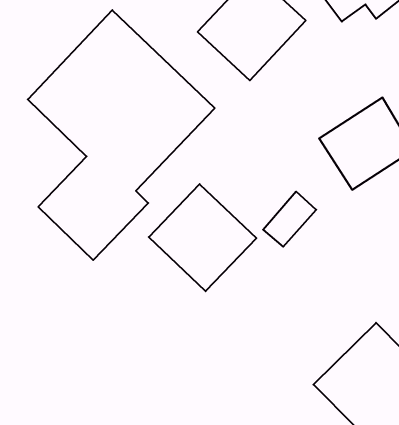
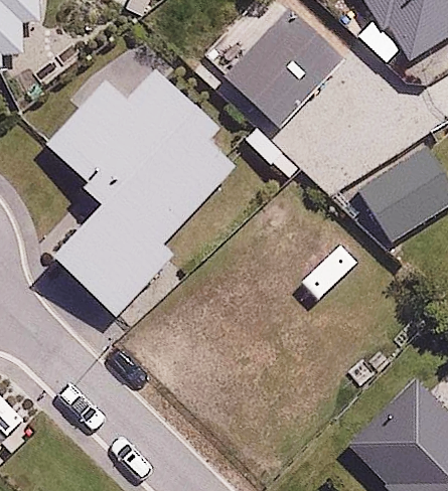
building: [149,184,256,291] -> none

